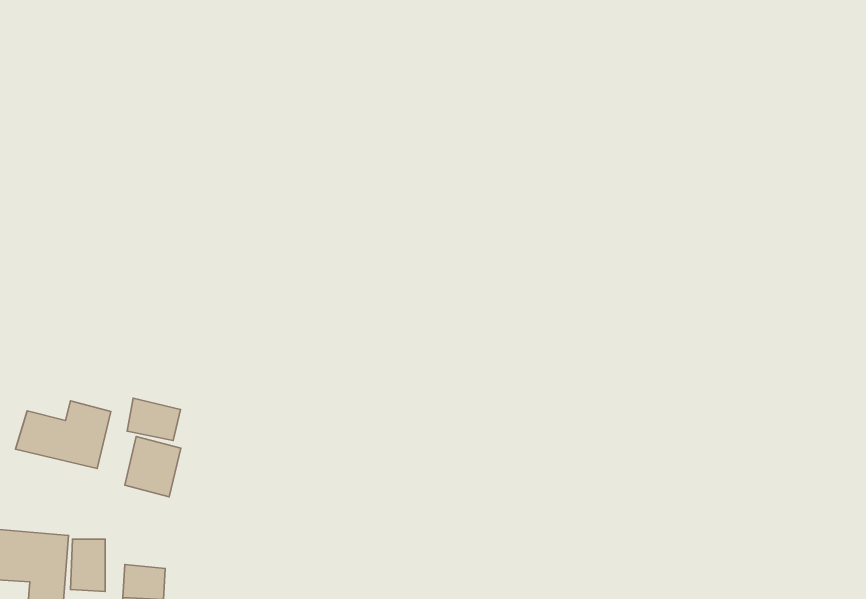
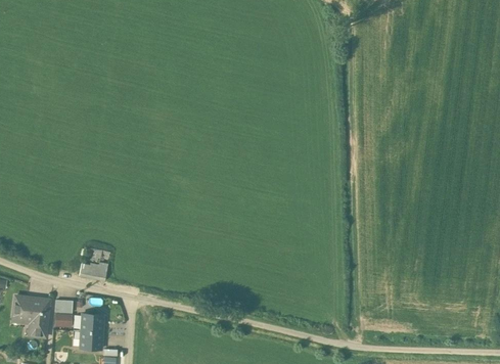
building: [127,398,181,440] -> none
building: [16,401,111,468] -> none

